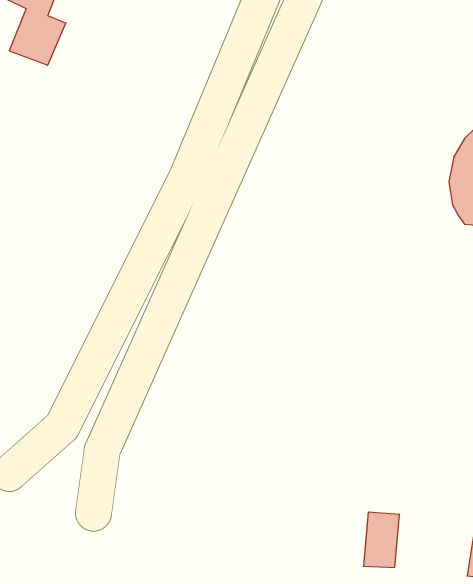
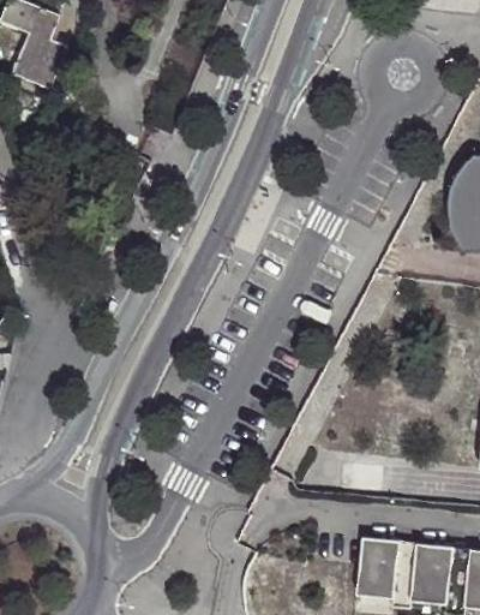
building: none -> [416,543,455,599]

